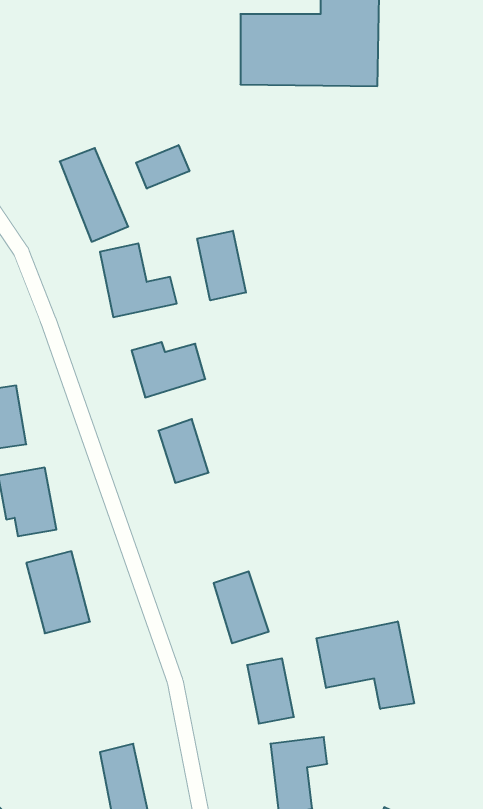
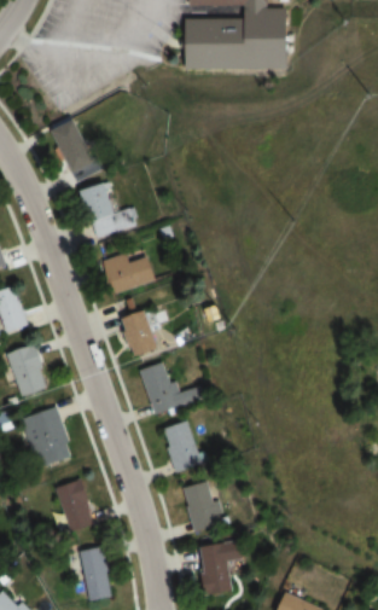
building: [136,145,189,189] -> none
building: [197,231,246,300] -> none
building: none -> [139,362,199,413]
building: [316,621,414,709] -> none
building: none -> [57,478,95,531]

